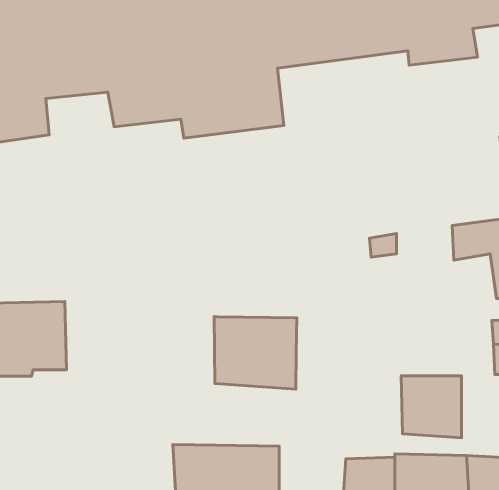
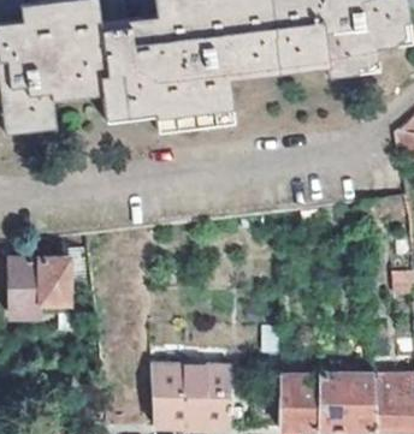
building: [214,317,297,389] -> none
building: [401,376,461,438] -> none

